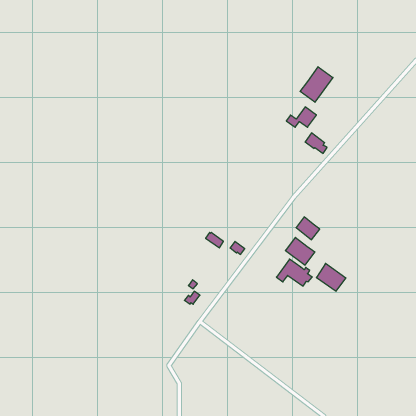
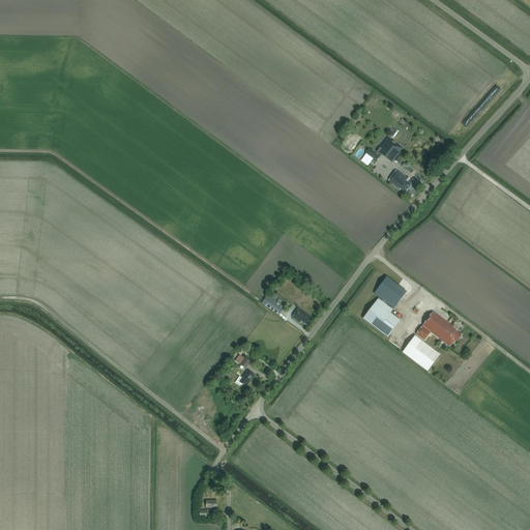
building: [300,67,333,102] -> none
building: [276,259,312,286] -> [415,311,461,345]

